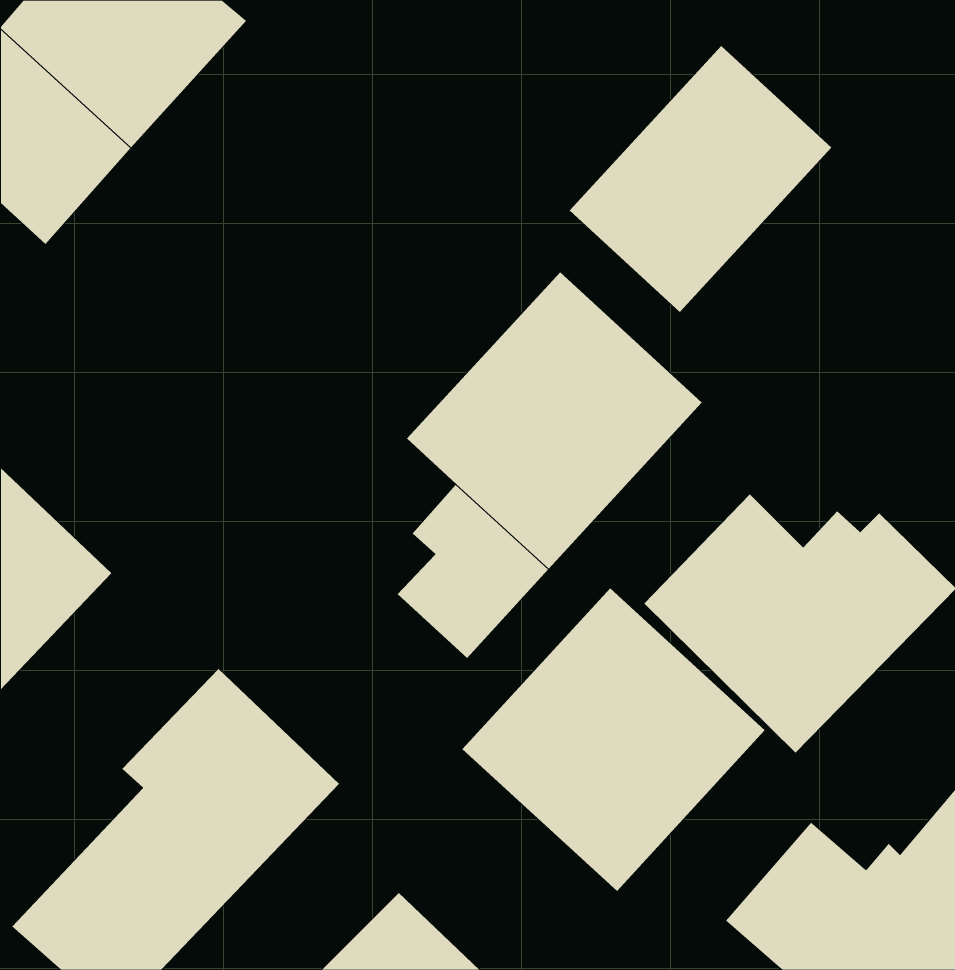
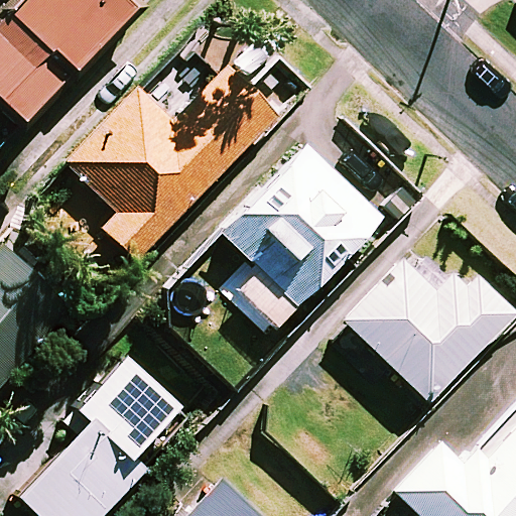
building: [569,45,832,313] -> none
building: none -> [70,67,274,259]
building: [462,588,766,892] -> none

